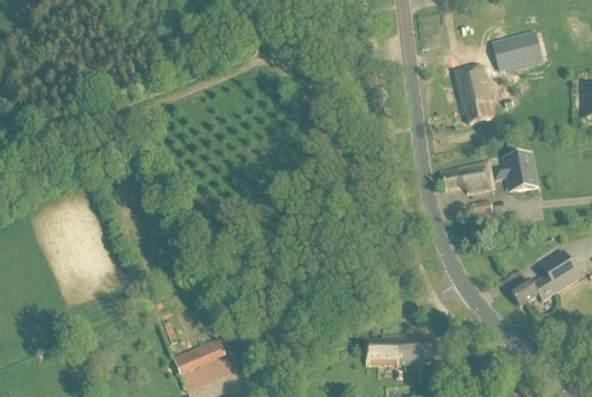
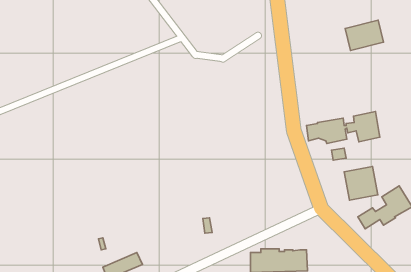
building: [453,64,493,125] -> none
building: none -> [344,166,378,200]

